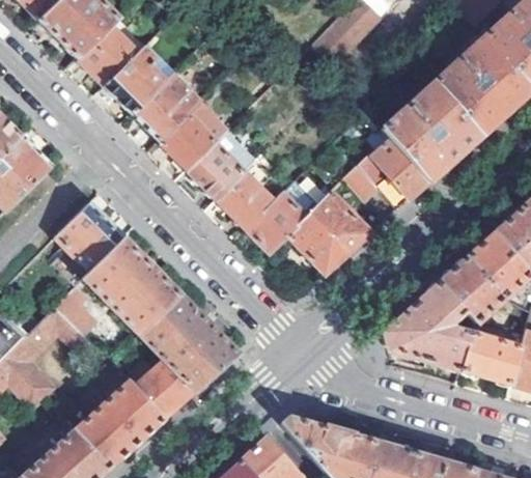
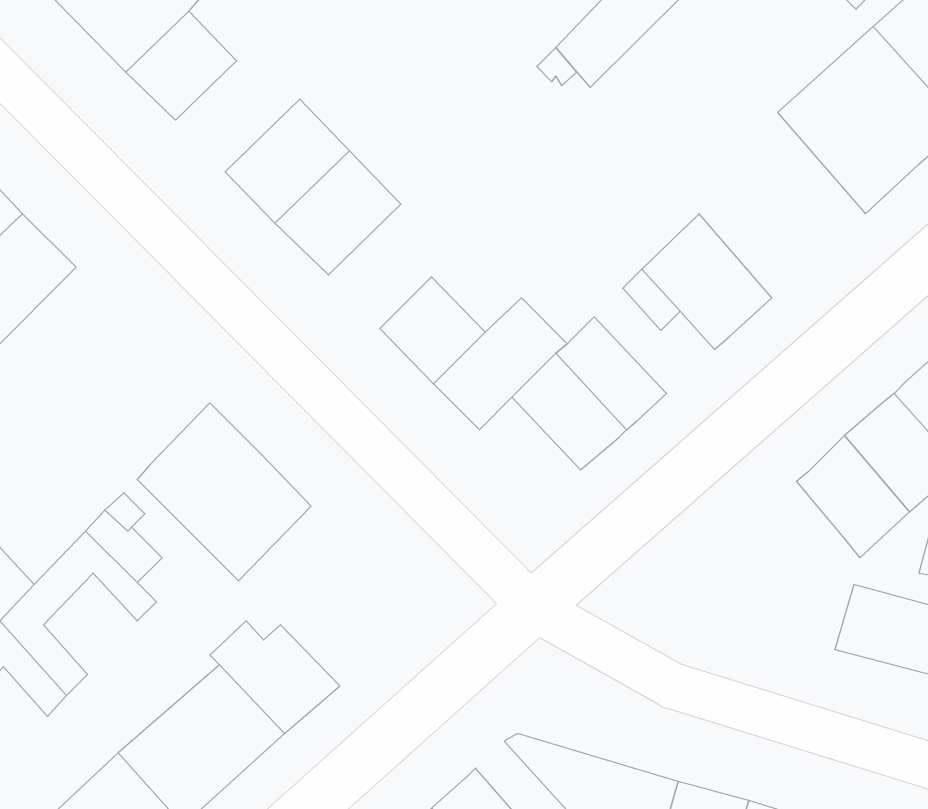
building: [106,48,167,113] -> none
building: [382,81,480,181] -> none
building: [189,131,256,198] -> none
building: [58,204,124,272] -> none
building: [386,281,474,372] -> none
building: [140,294,236,392] -> none

